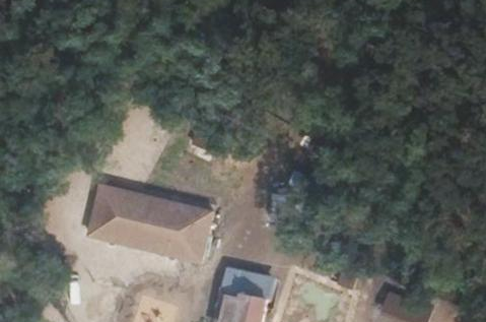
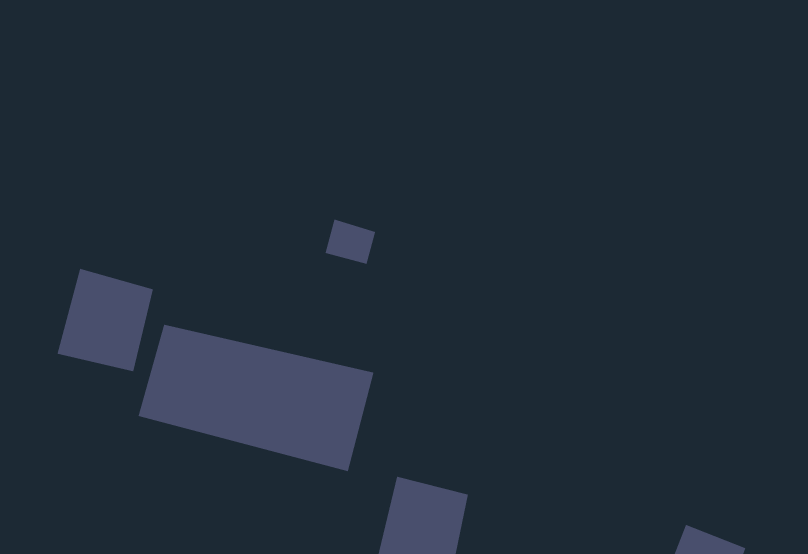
building: none -> [57,268,154,372]

